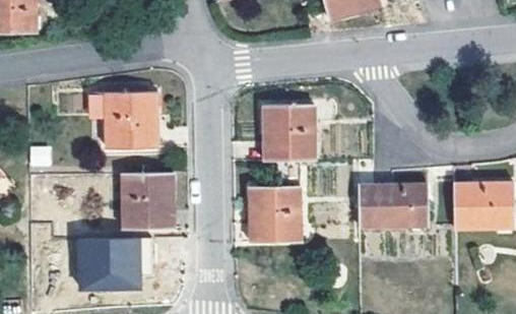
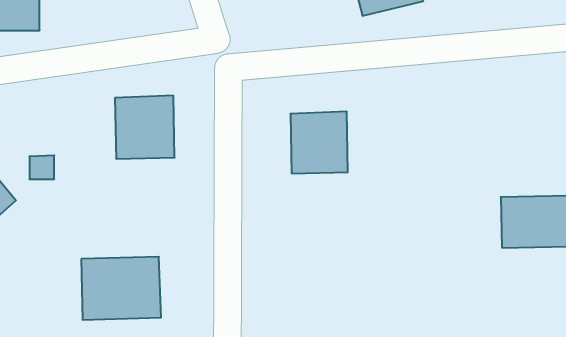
building: [123,173,175,230] -> none
building: [358,183,429,227] -> none
building: [249,187,301,243] -> none

